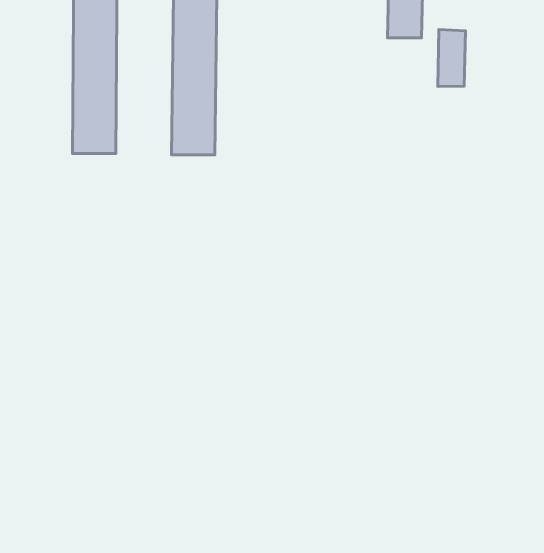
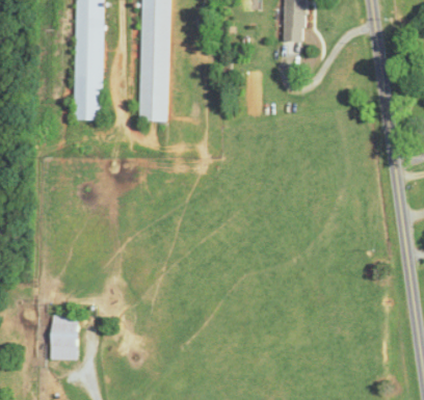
building: [438,30,465,86] -> none
building: none -> [50,315,77,359]

